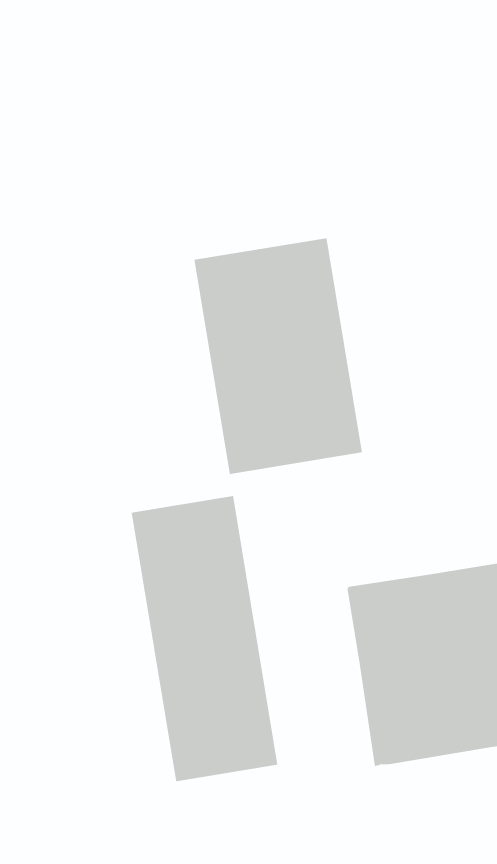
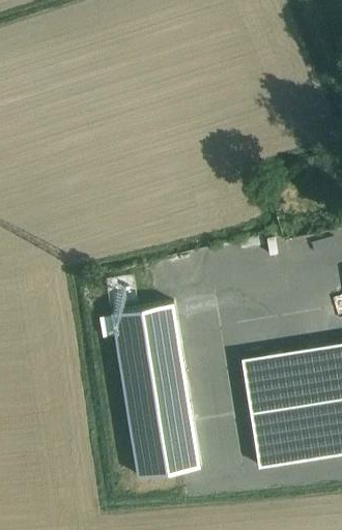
building: [194,237,362,475] -> none

